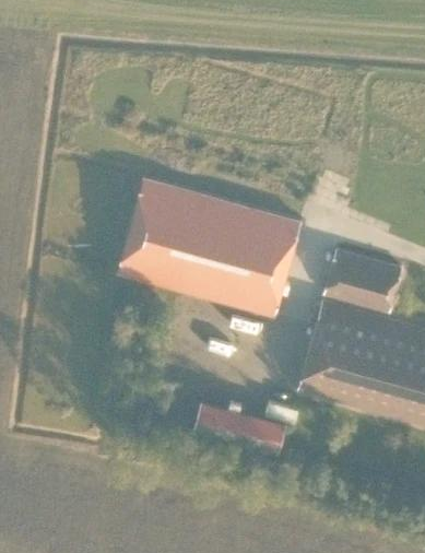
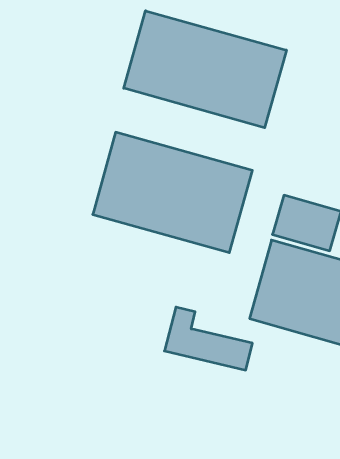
building: none -> [124,11,286,128]

